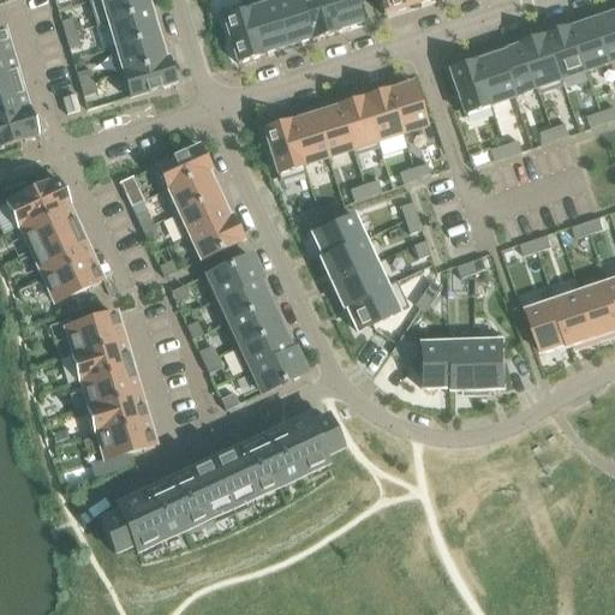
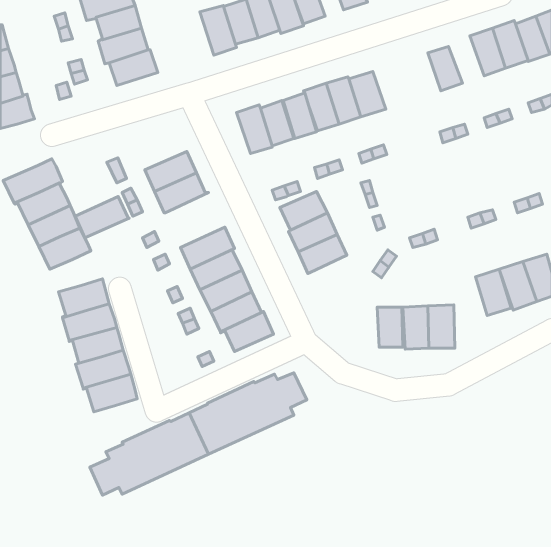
building: [500,42,539,92] -> none
building: [447,56,491,112] -> none
building: [151,143,211,189] -> [75,197,129,238]
building: [190,214,244,258] -> none
building: [346,283,399,329] -> none

